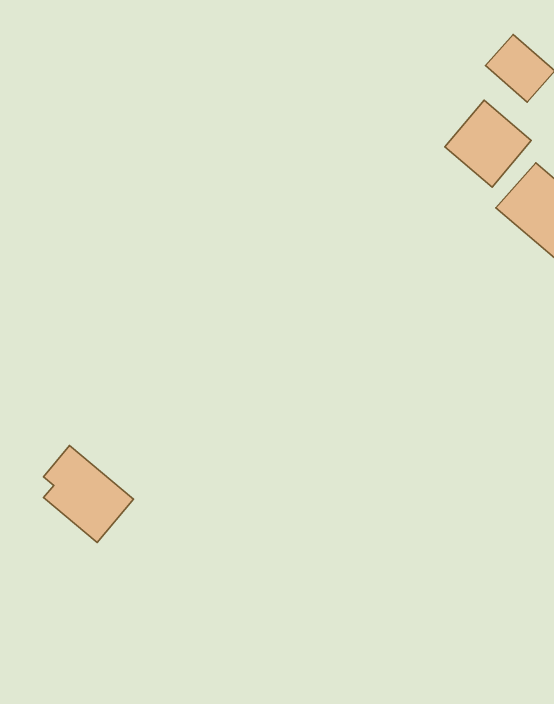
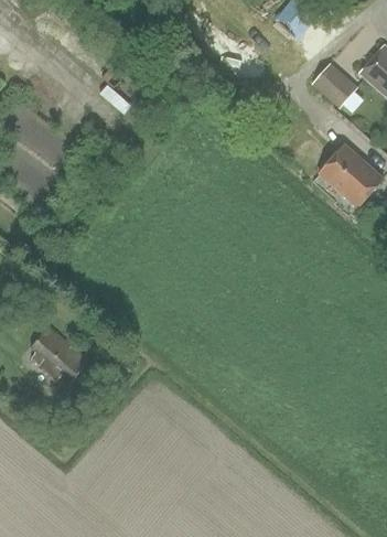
building: [445,100,531,187] -> none

